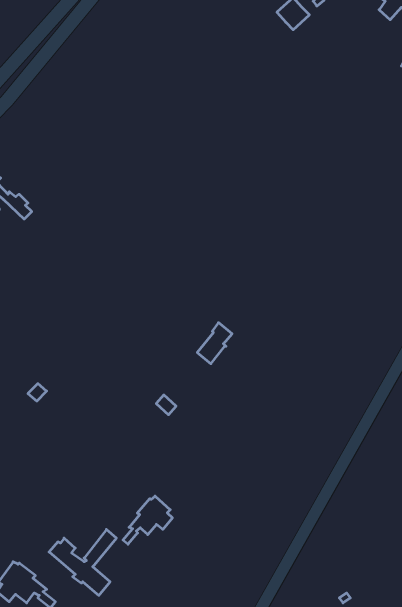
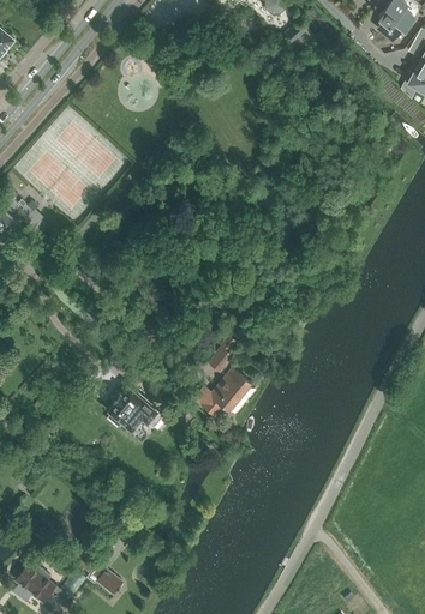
building: none -> [193,368,250,414]
building: none -> [106,387,162,431]
building: [123,496,172,544] -> none

